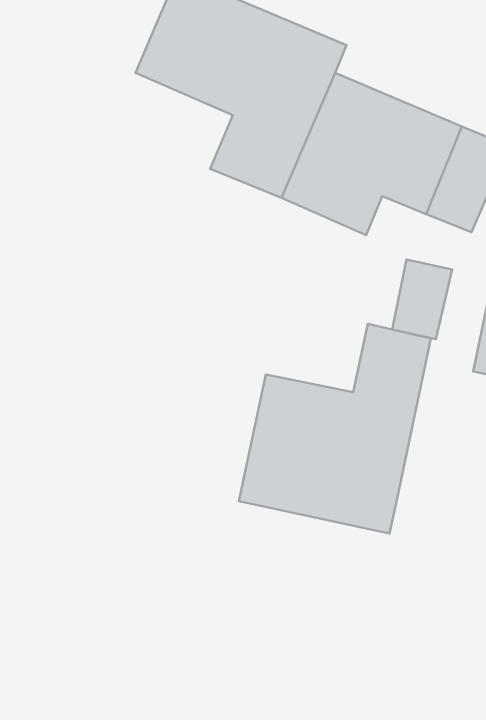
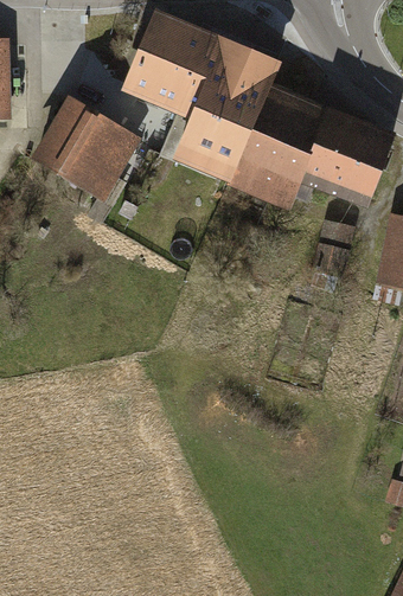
building: none -> [36,100,137,220]
building: [239,324,431,534] -> none

